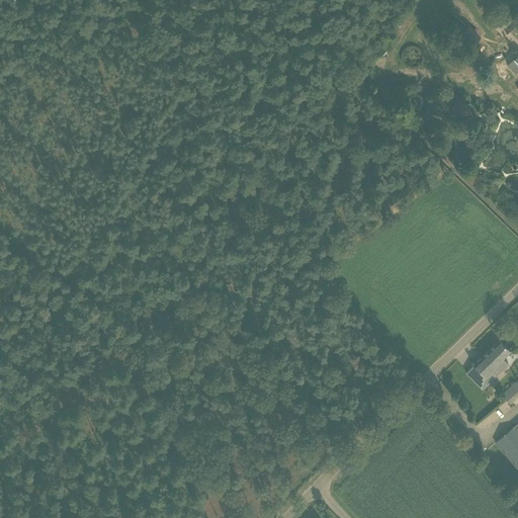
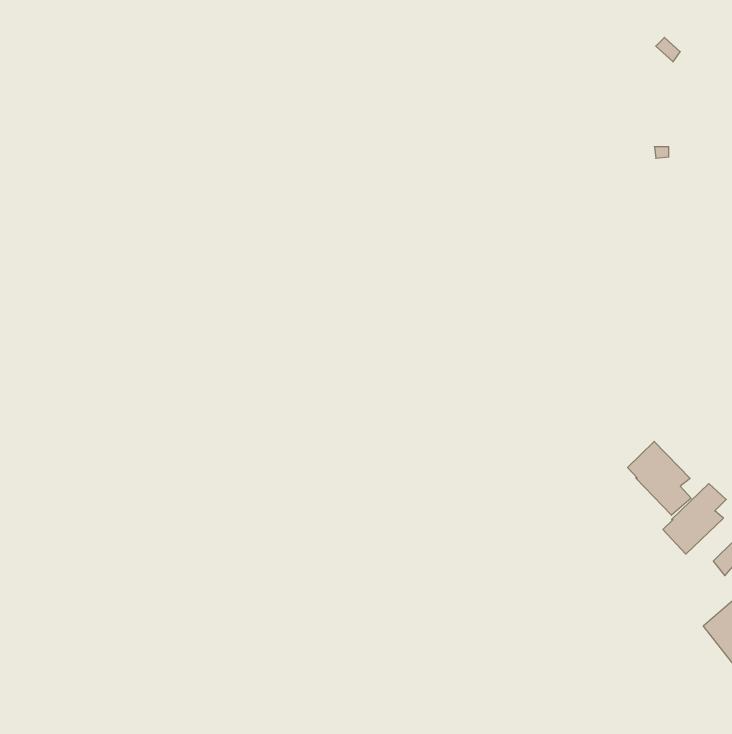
building: none -> [628,441,691,515]

